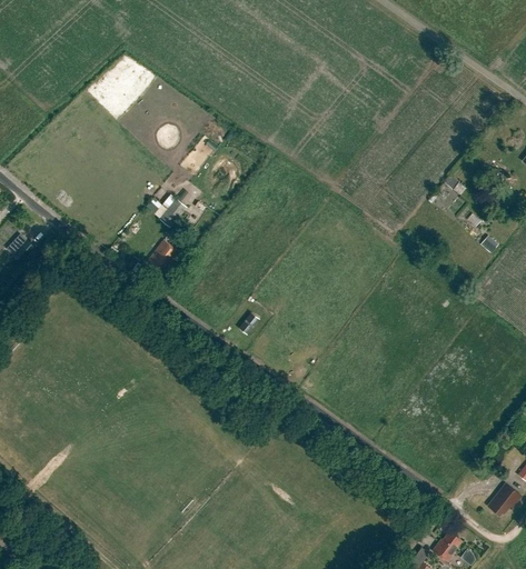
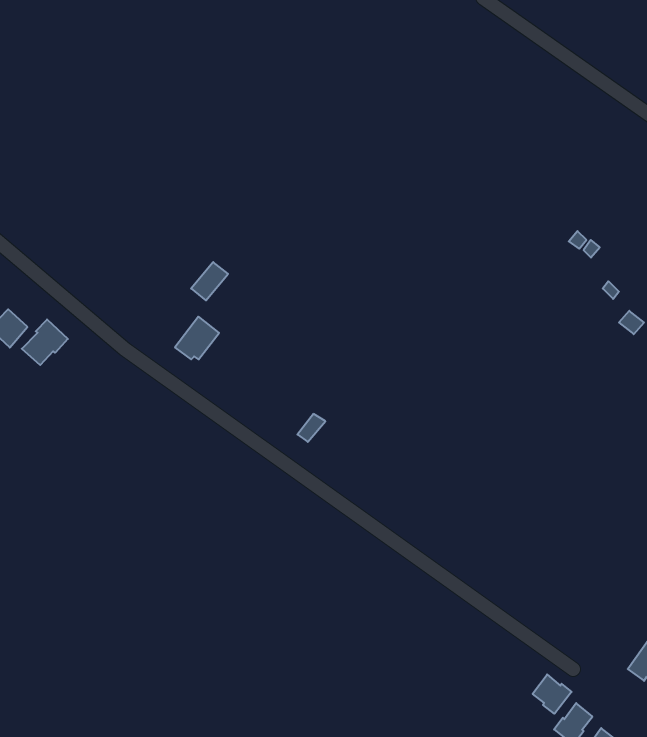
building: none -> [22,319,68,365]
building: none -> [533,674,572,714]

